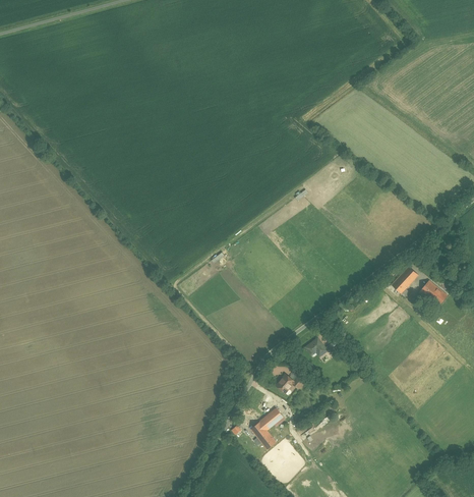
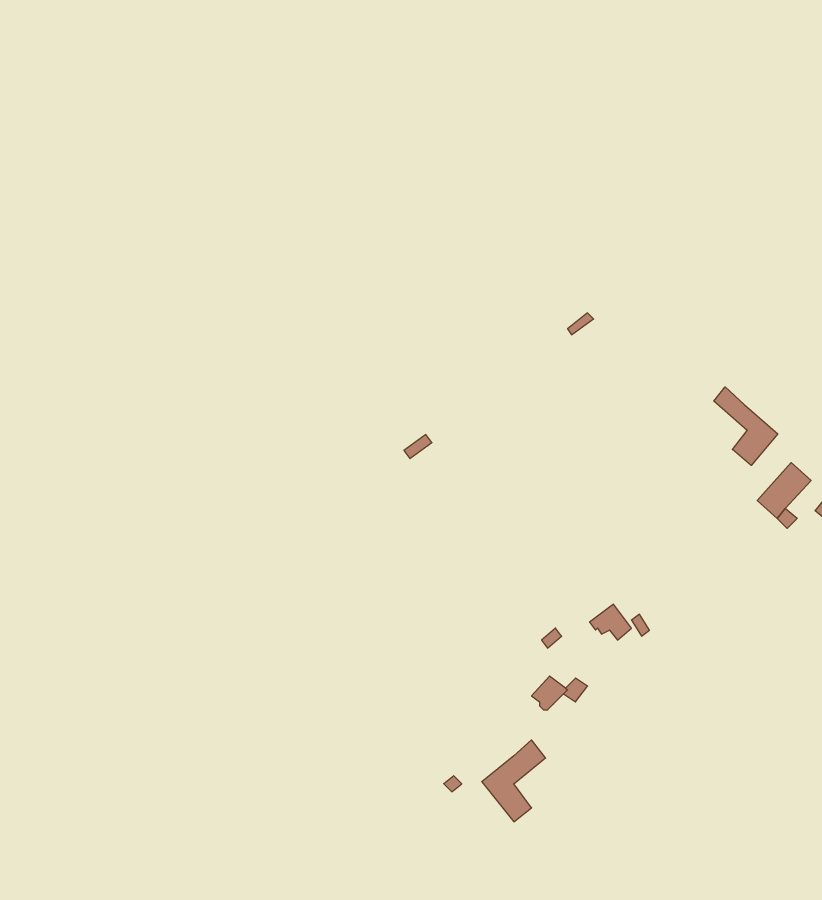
building: none -> [714,387,778,465]

